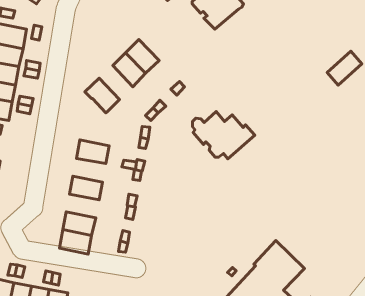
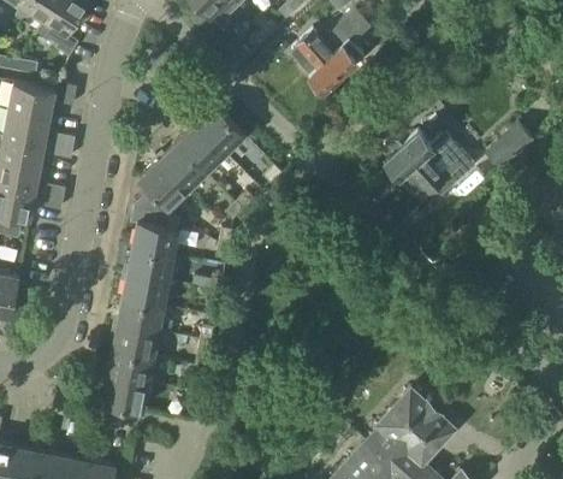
building: none -> [159,142,207,190]
building: none -> [130,189,178,256]
building: [192,111,255,159] -> [384,131,473,199]
building: none -> [122,274,168,308]
building: none -> [112,325,159,359]

